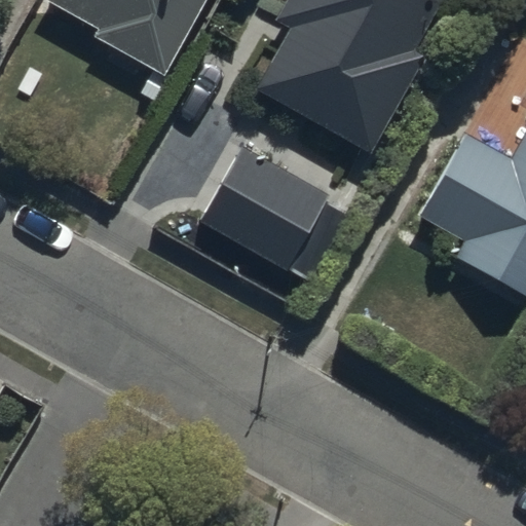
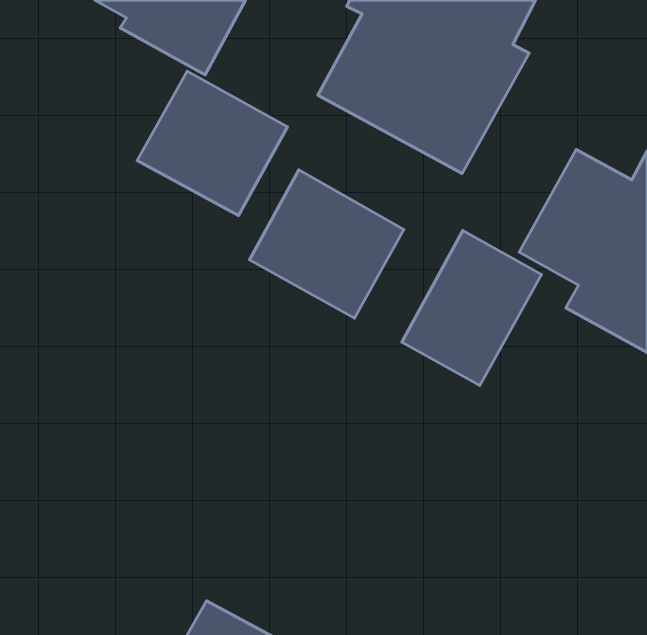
building: none -> [137,71,288,216]
building: none -> [402,230,541,385]

